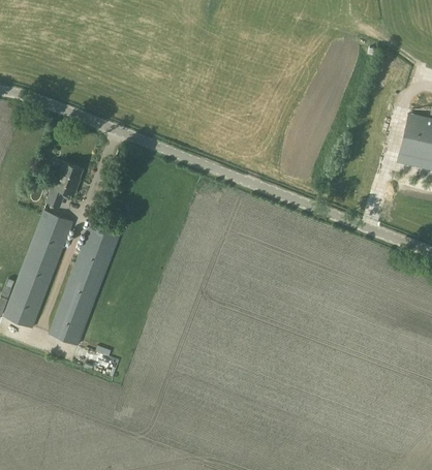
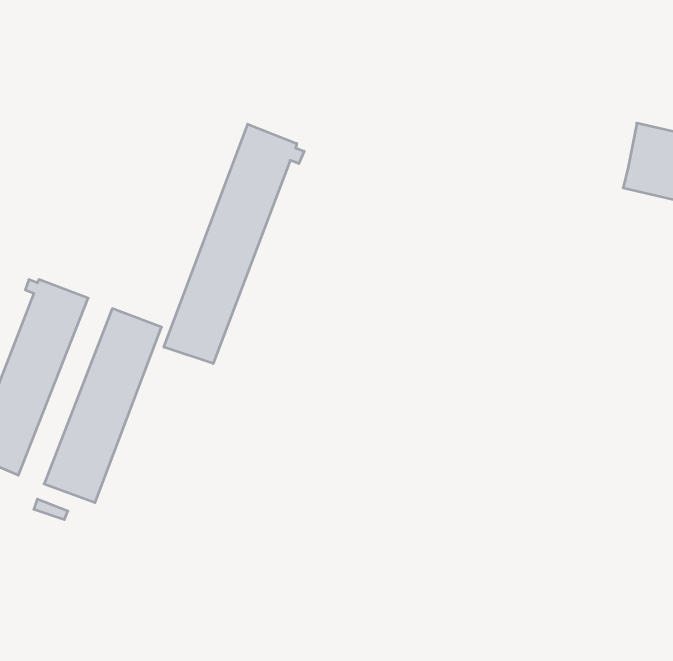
building: none -> [164,124,304,364]
building: [45,160,83,208] -> none

